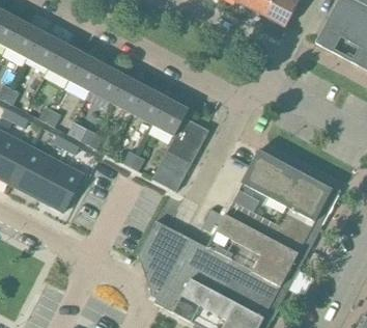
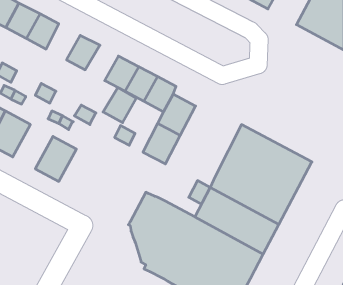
building: [50,43,86,81] -> none
building: [91,65,126,103] -> [103,87,136,123]
building: [15,149,57,196] -> none

